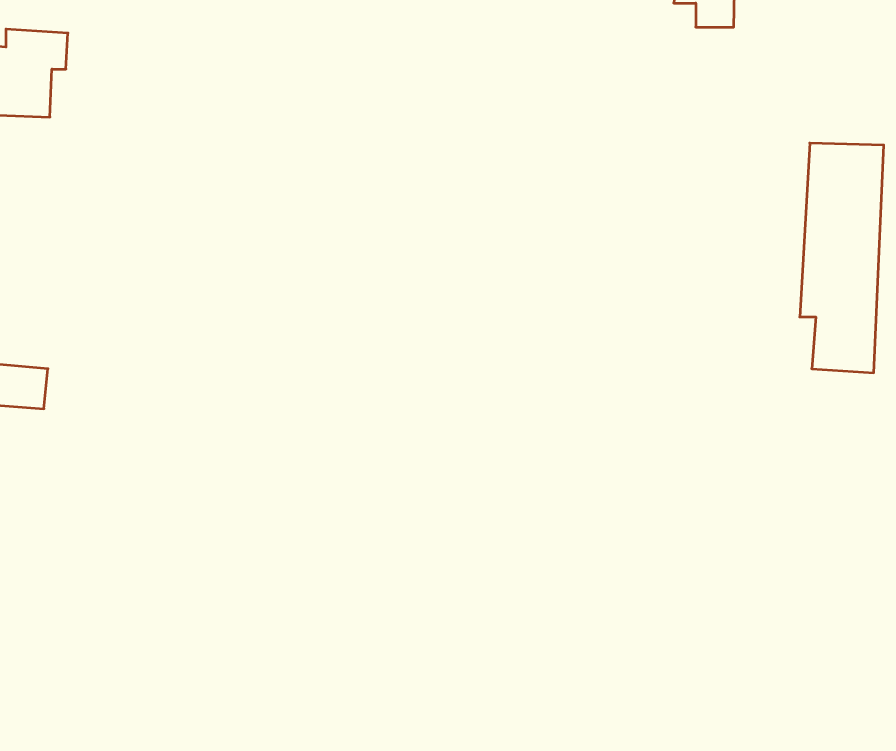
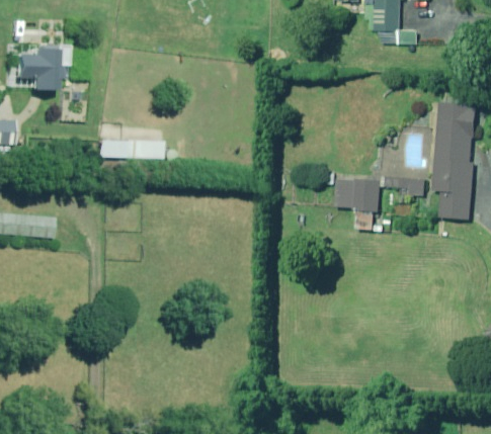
building: none -> [95,140,159,158]
building: none -> [331,174,426,230]

